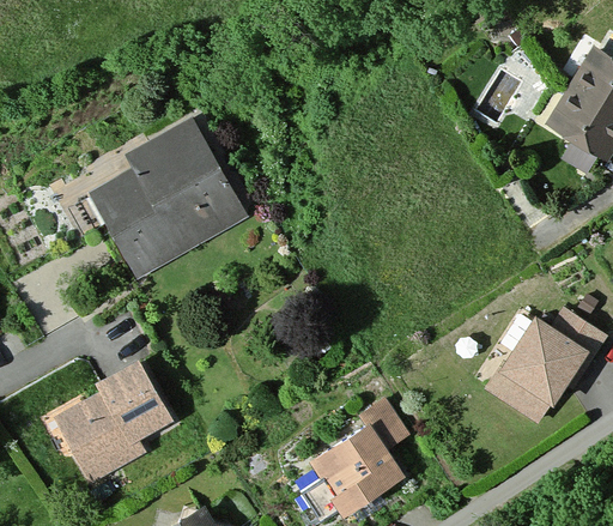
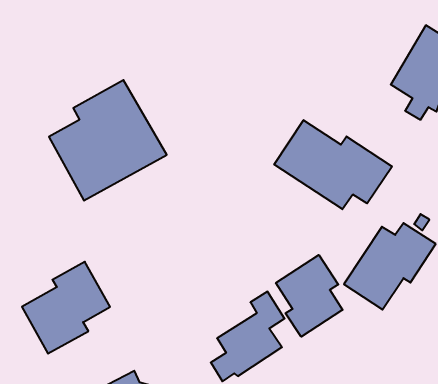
building: none -> [274,120,392,209]
building: none -> [276,255,343,337]

